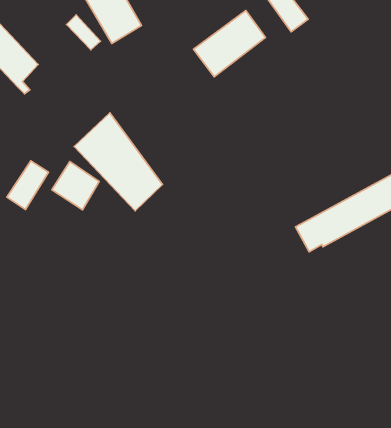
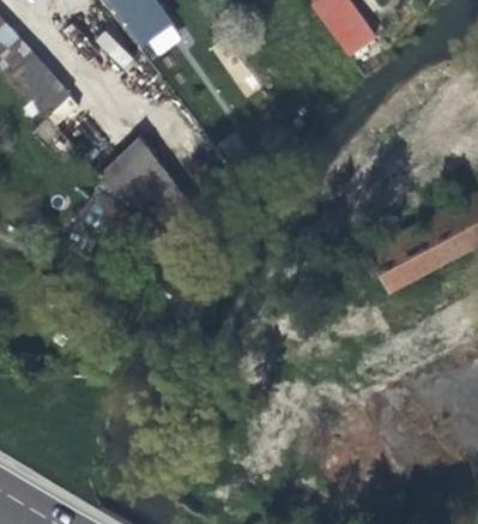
building: [194,10,266,77] -> none
building: [7,161,49,210] -> none

